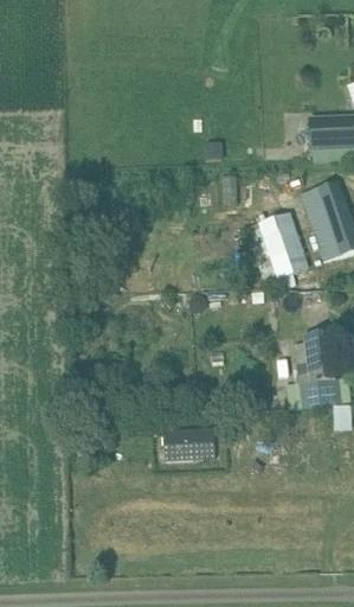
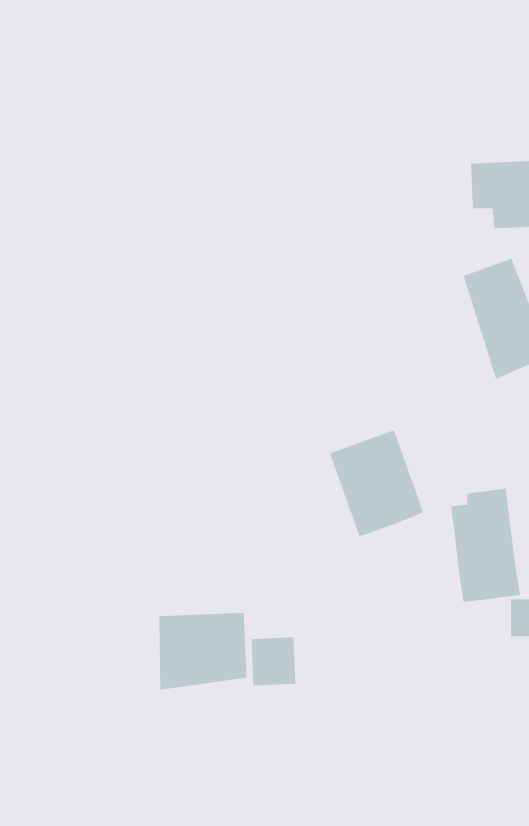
building: [247,212,309,282] -> [329,430,424,537]
building: none -> [159,612,247,690]

